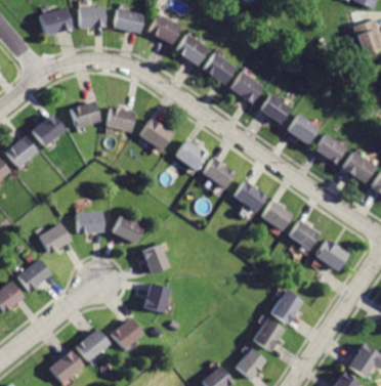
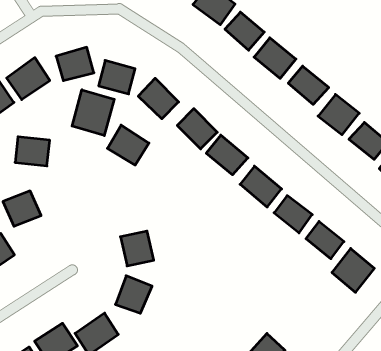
building: none -> [72,90,114,136]
building: [75,213,101,234] -> [15,137,50,166]
building: [110,214,143,246] -> [107,125,149,165]
building: [270,290,303,324] -> none

